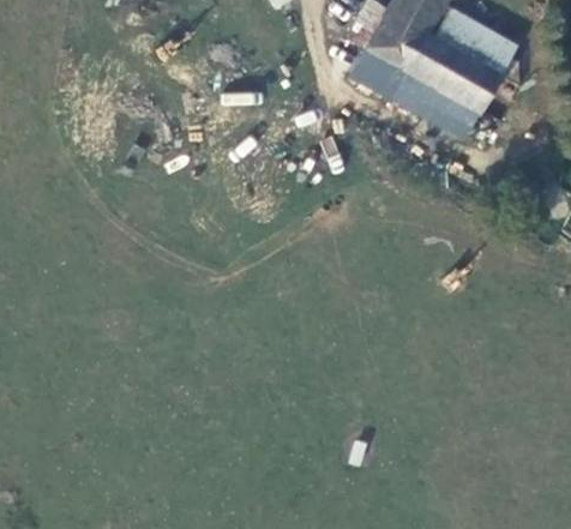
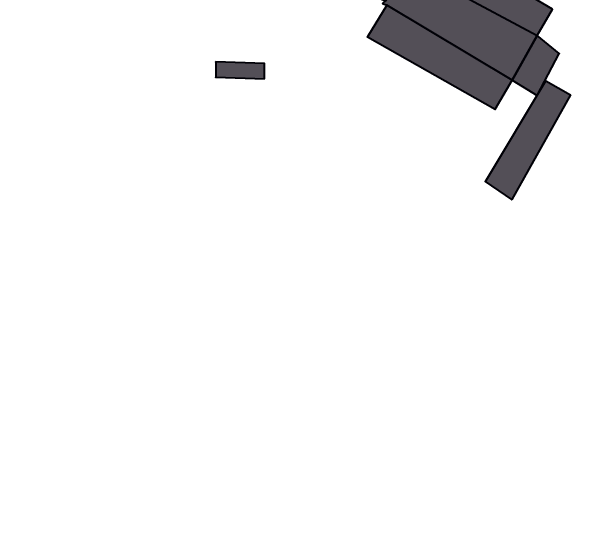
building: none -> [485,81,570,200]

